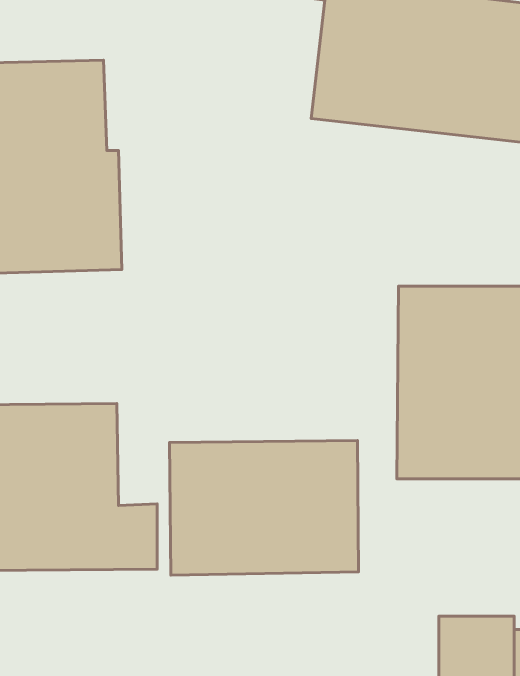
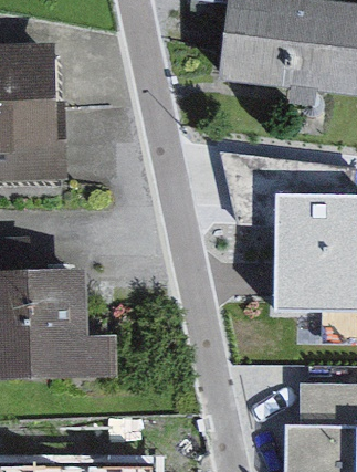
building: [170,441,359,575] -> none

